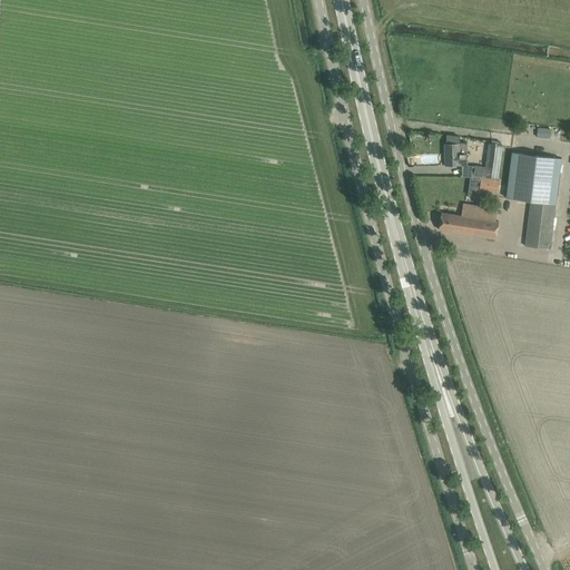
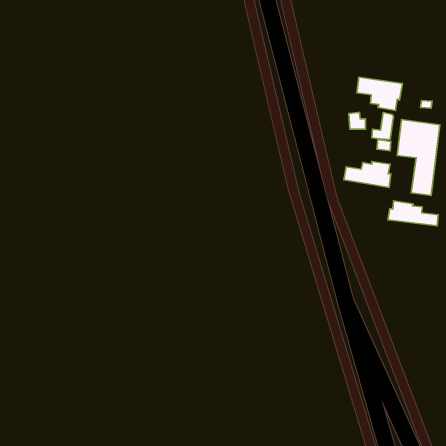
building: none -> [357,77,403,111]
building: none -> [388,201,438,226]

